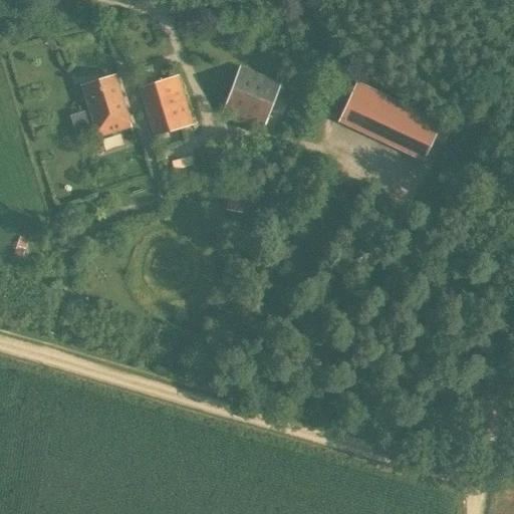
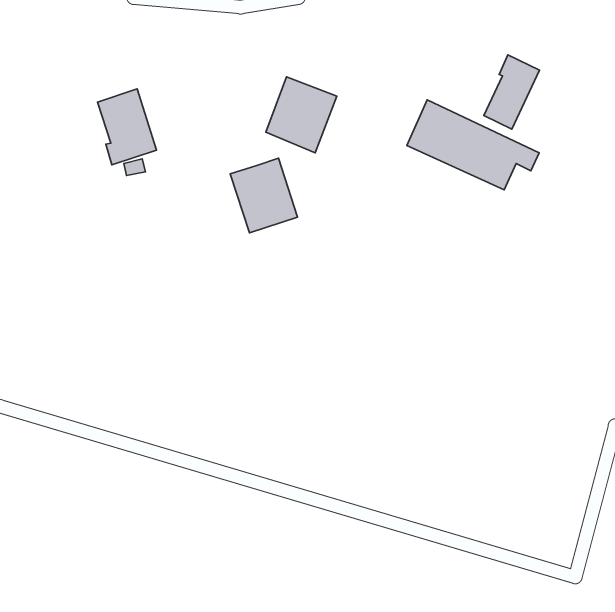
building: none -> [484,55,540,129]
building: [138,73,194,136] -> [230,158,298,233]

